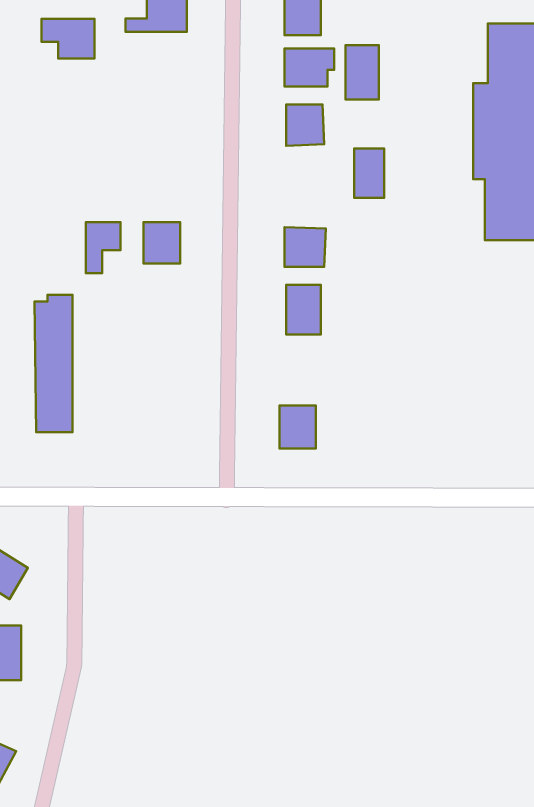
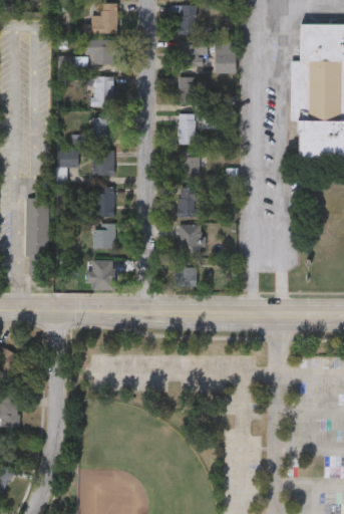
building: [41,19,94,58] -> [84,40,116,64]
building: none -> [92,76,114,105]
building: [354,148,384,198] -> [179,113,197,144]
building: none -> [92,116,110,139]
building: none -> [92,186,114,216]
building: none -> [94,223,114,248]
building: none -> [178,224,202,256]
building: none -> [89,259,114,289]

